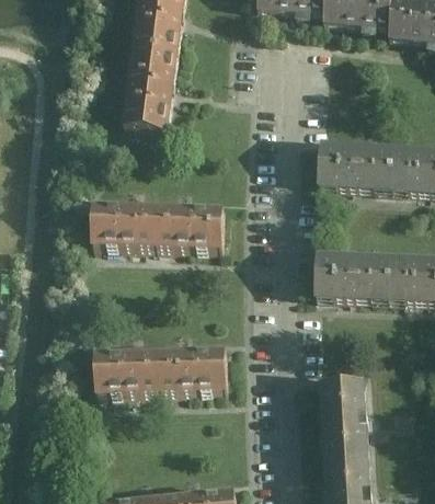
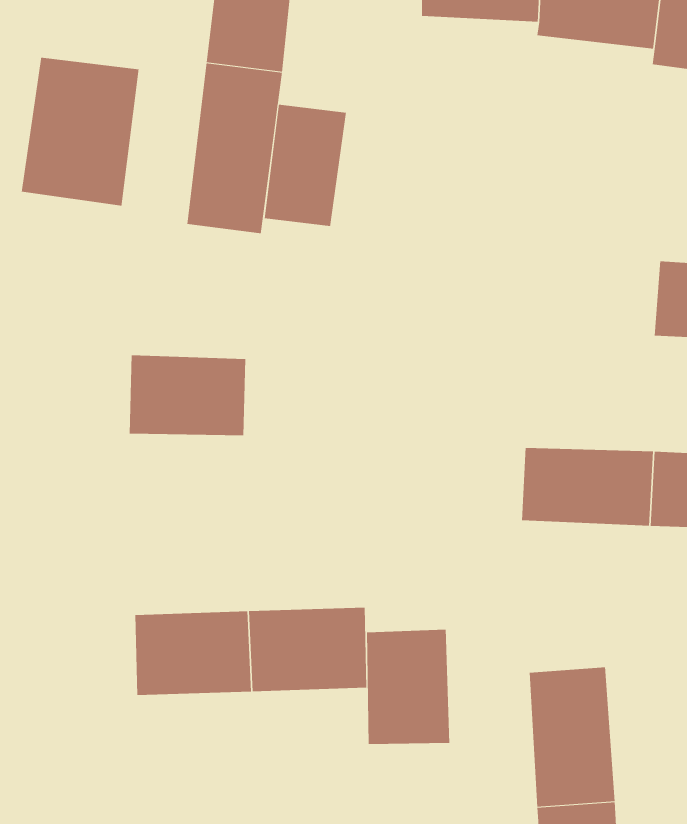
building: none -> [21,57,139,206]
building: none -> [264,104,346,227]
building: [317,145,392,192] -> none
building: [156,205,222,251] -> none
building: none -> [366,629,450,745]

